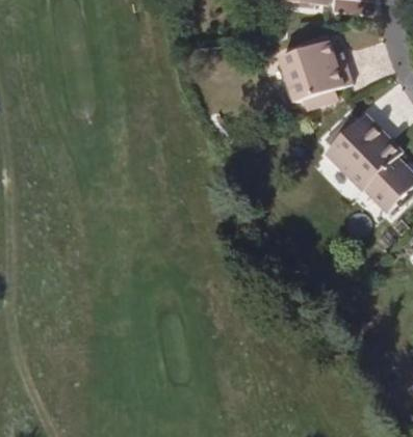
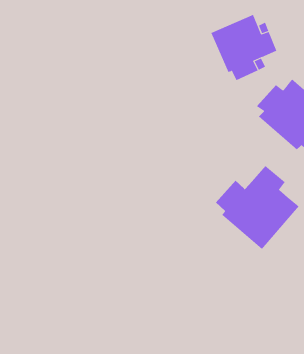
building: none -> [215,165,300,250]

